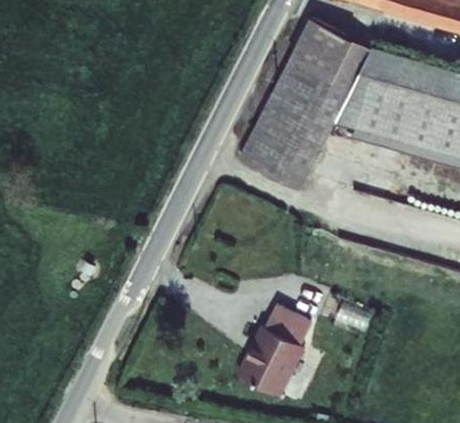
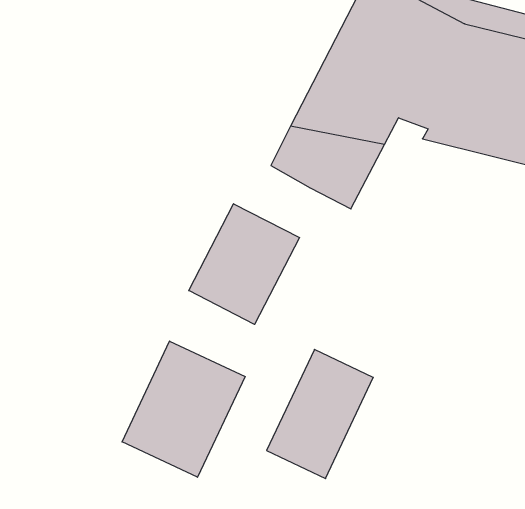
building: none -> [189,204,300,324]
building: none -> [122,341,245,477]

